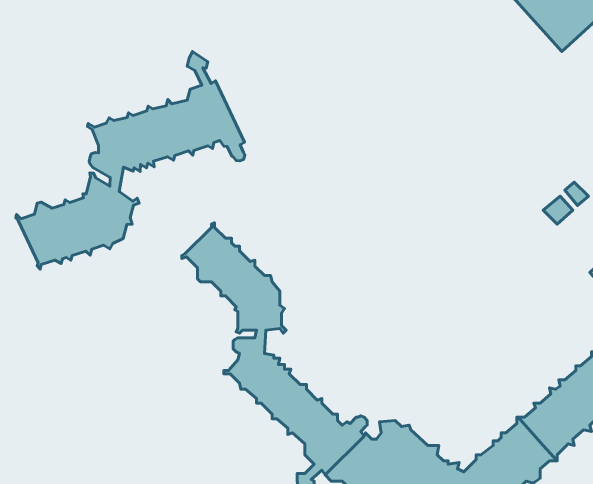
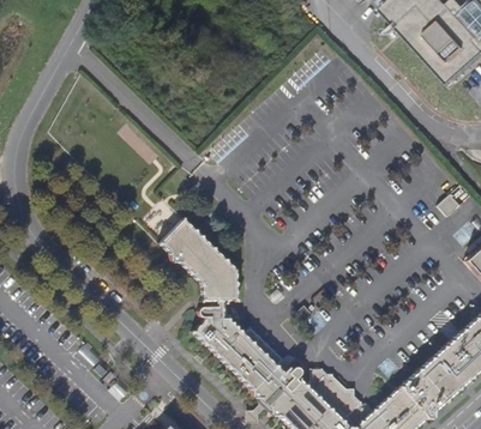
building: [16,51,245,269] -> none

